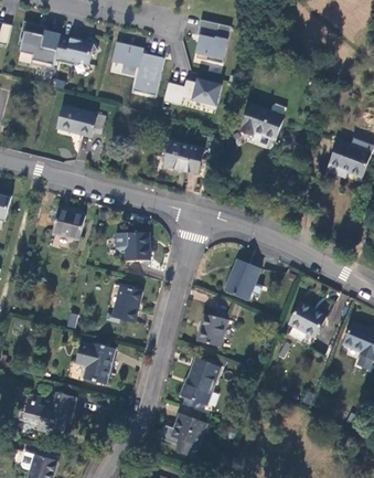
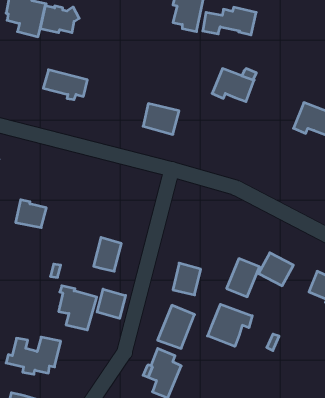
building: [110,43,161,95] -> none
building: [161,78,218,108] -> [203,7,256,35]
building: [52,208,85,237] -> [16,200,46,228]
building: [115,232,149,261] -> none
building: [224,258,259,299] -> [227,259,260,297]
building: none -> [97,289,126,318]
building: none -> [207,304,252,346]

